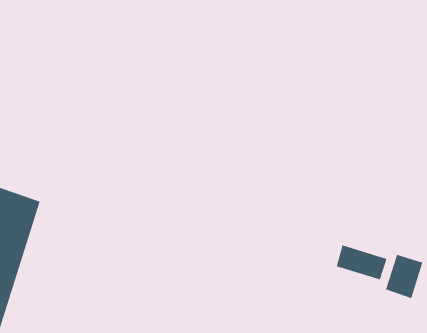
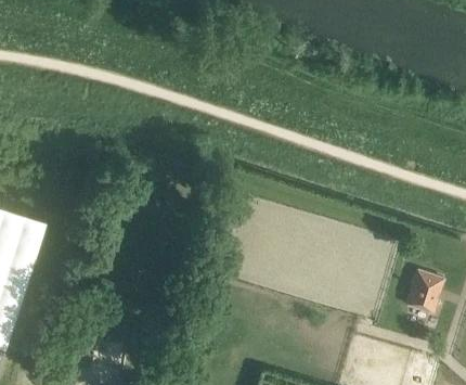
building: [336,244,387,280] -> none

